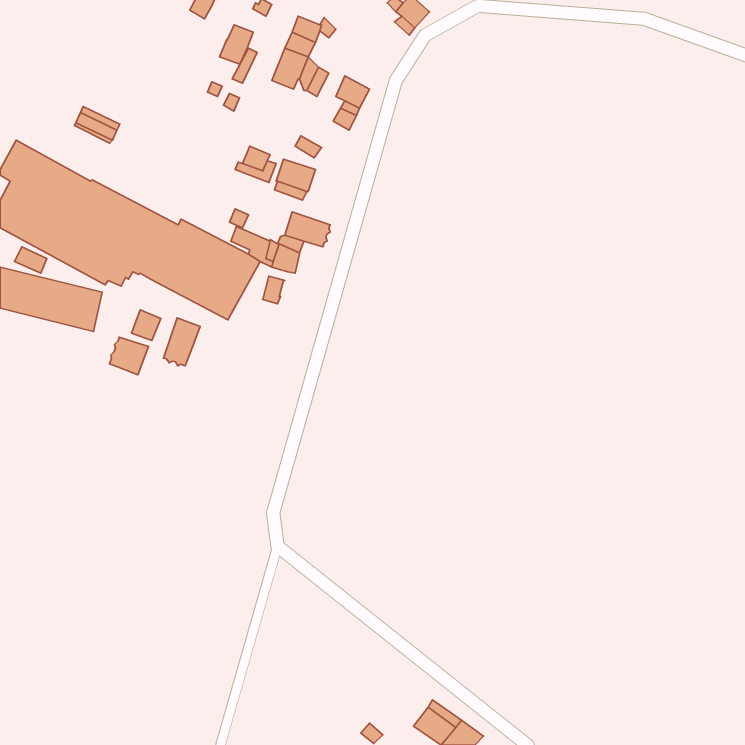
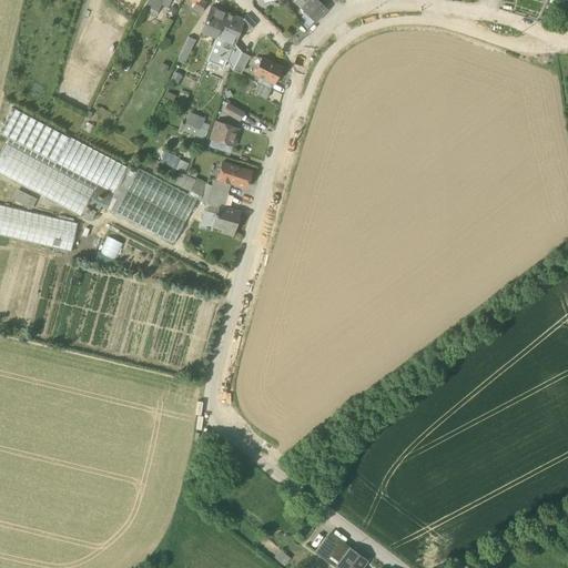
building: [220,25,253,64] -> [202,7,227,37]
building: none -> [213,206,241,232]
building: [163,318,200,366] -> none
building: [110,337,148,375] -> none

